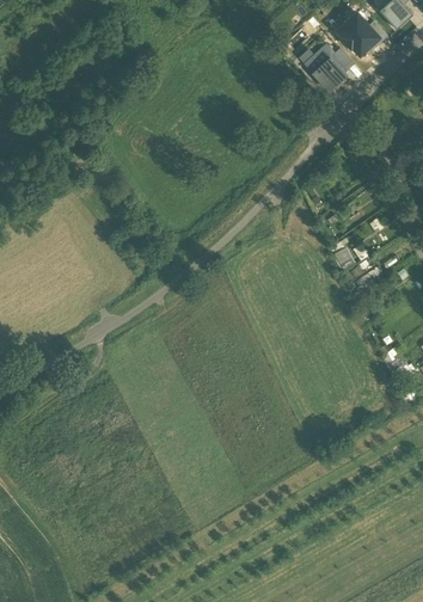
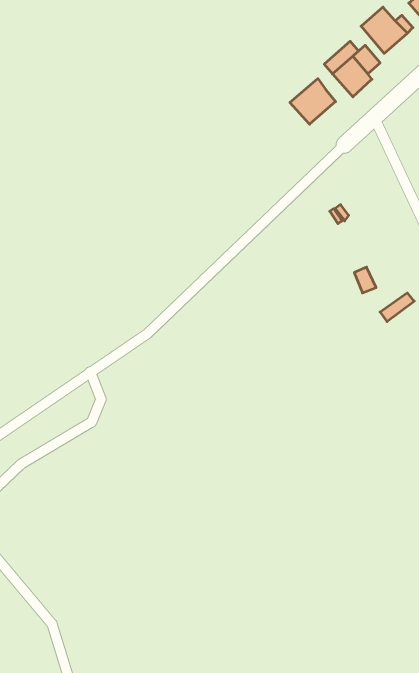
building: none -> [290,79,336,124]

